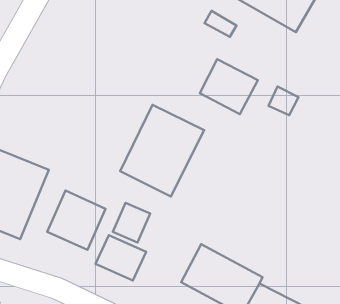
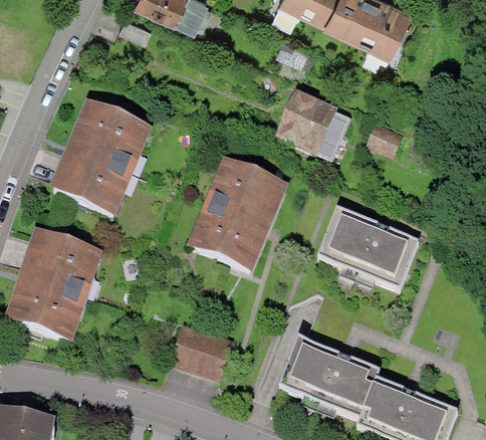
building: none -> [49,102,148,216]
building: none -> [316,208,417,287]
building: [47,191,106,250] -> none
building: [113,203,150,242] -> none

